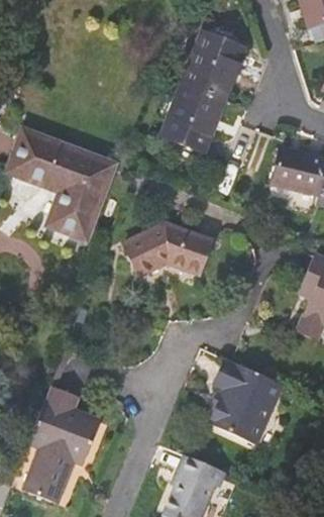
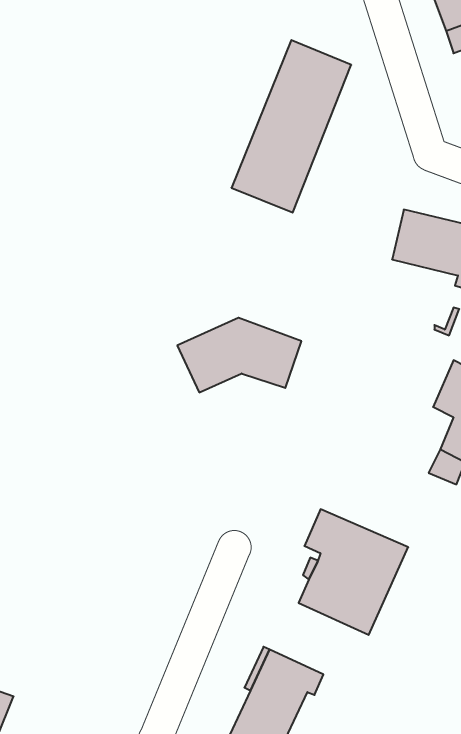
building: [11,132,114,239] -> none
building: [24,389,100,504] -> none

